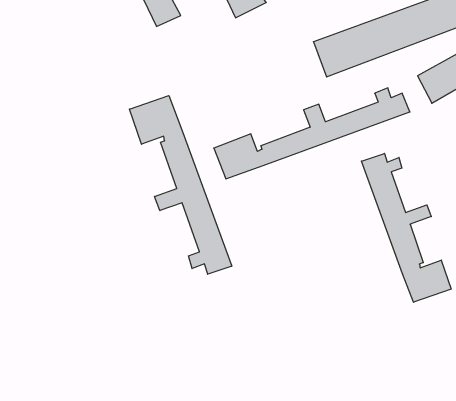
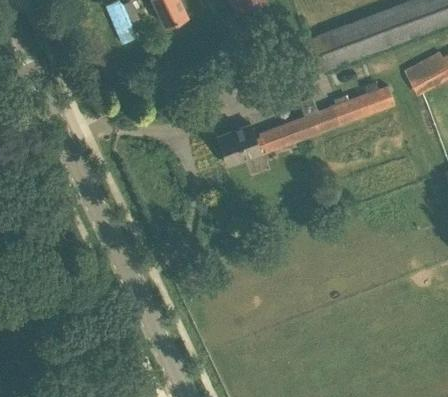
building: [129,96,232,274] -> none
building: [361,153,451,302] -> none

